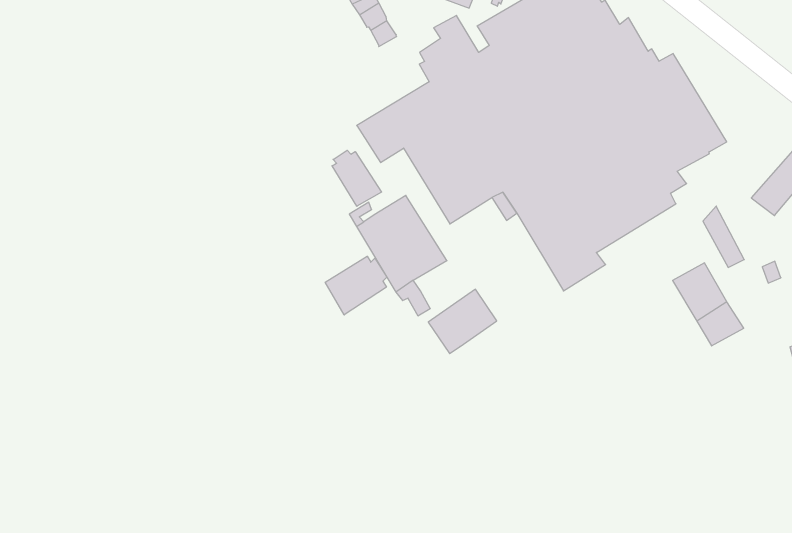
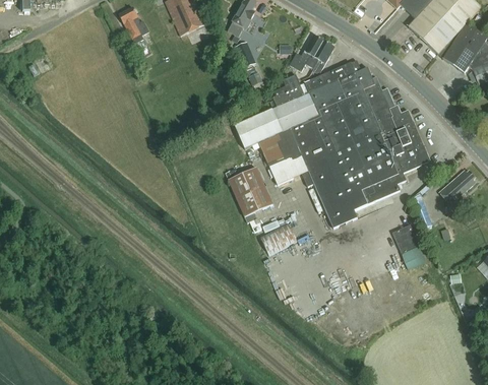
building: [332,150,382,206] -> none
building: [325,256,387,315] -> none

